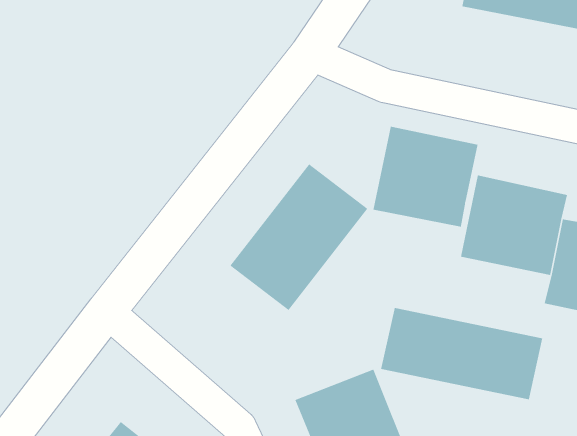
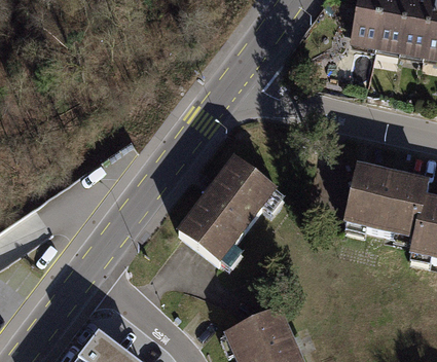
building: [373,126,478,227] -> none
building: [381,307,543,400] -> none

